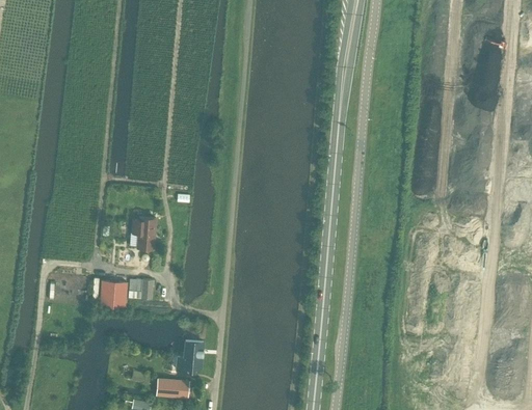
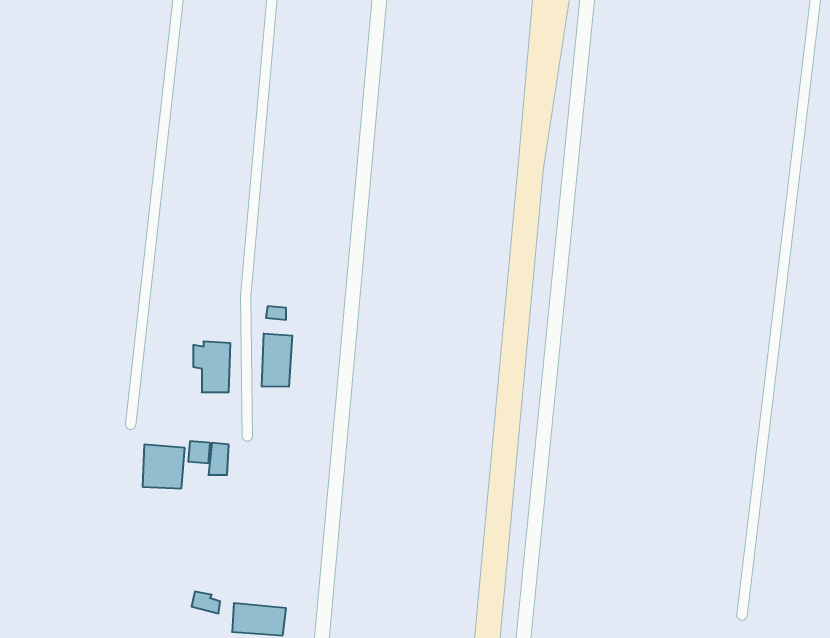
building: none -> [262,333,292,387]
building: [177,341,204,372] -> none

